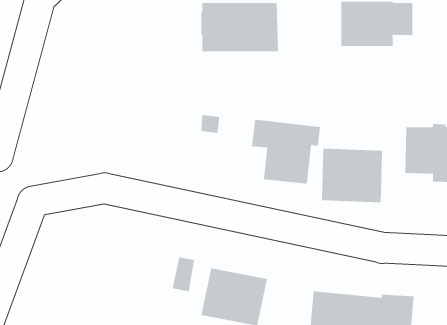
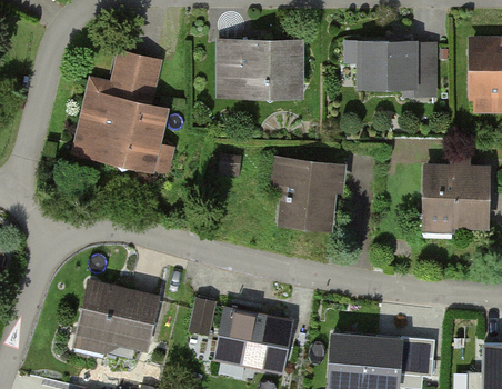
building: none -> [77,54,163,169]
building: [321,148,383,203] -> none
building: none -> [74,282,157,358]

